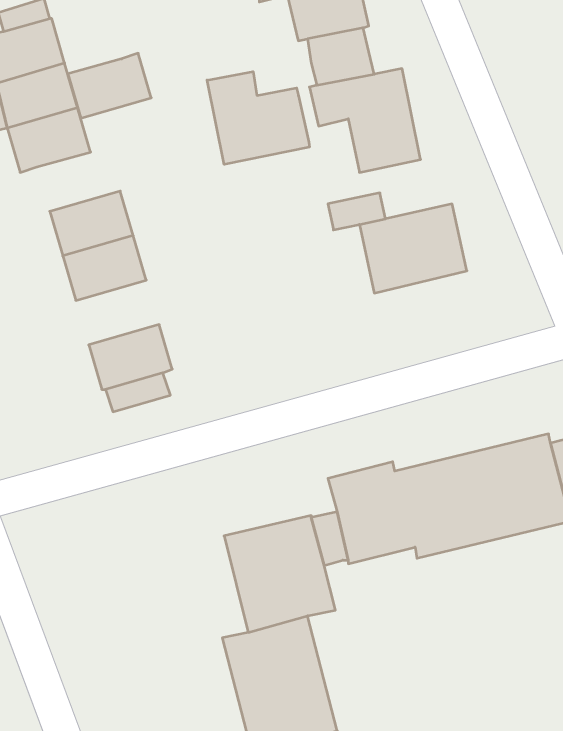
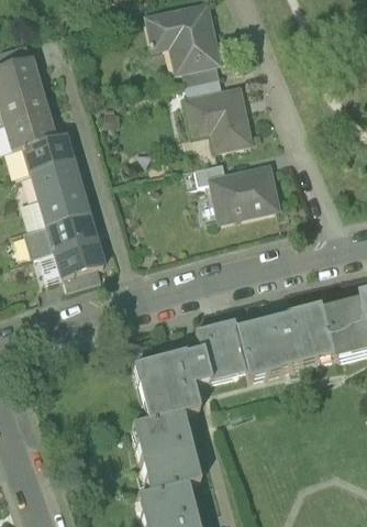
building: [68,53,151,118] -> [23,132,73,171]
building: [207,72,309,164] -> none
building: none -> [25,211,96,255]

